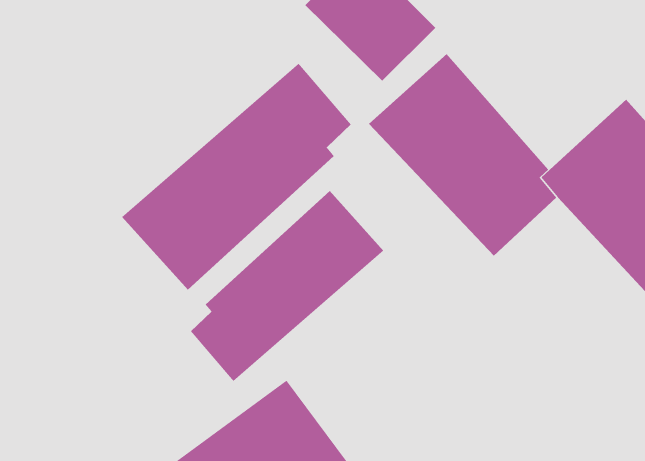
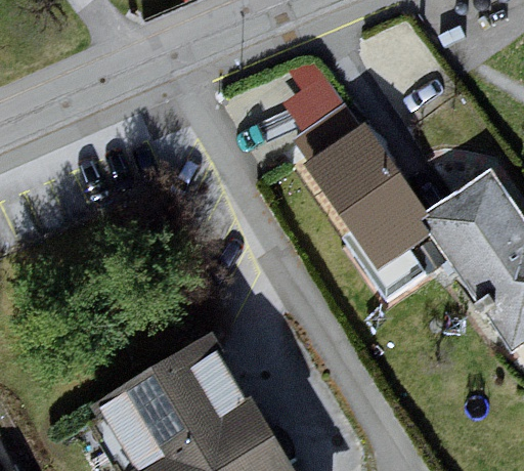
building: [121,63,352,291] -> none
building: [190,190,384,382] -> none

